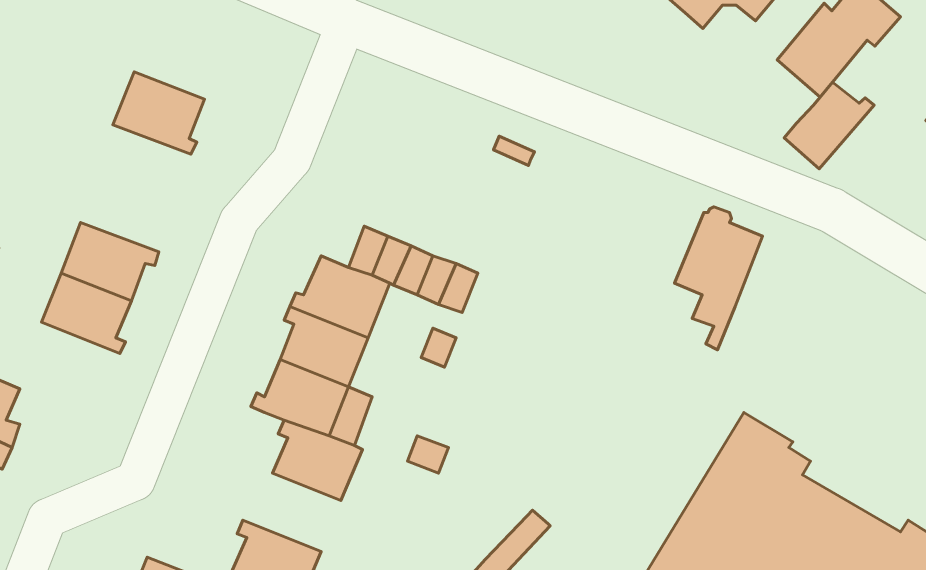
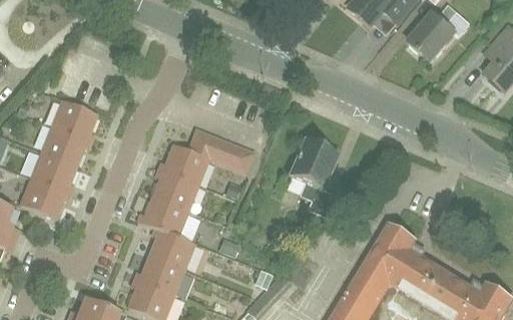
building: [113,72,205,154] -> [50,99,97,141]
building: [784,82,874,169] -> none
building: [675,207,763,350] -> [290,138,335,212]
building: none -> [20,178,70,219]
building: none -> [133,255,183,295]

